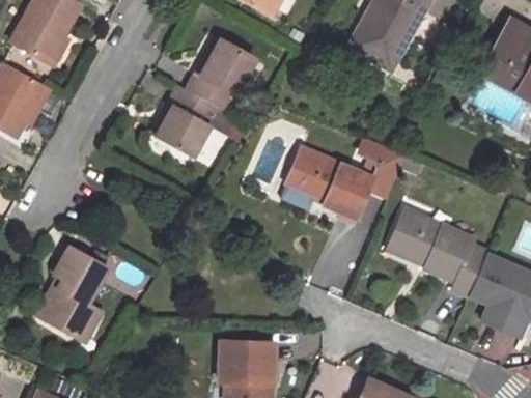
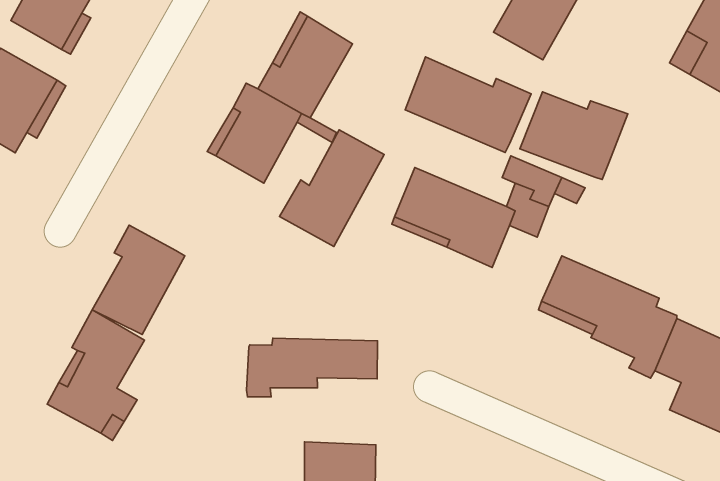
building: none -> [405,57,531,153]
building: none -> [520,92,628,179]
building: none -> [280,130,384,246]
building: none -> [92,225,185,335]
building: none -> [247,338,378,397]

